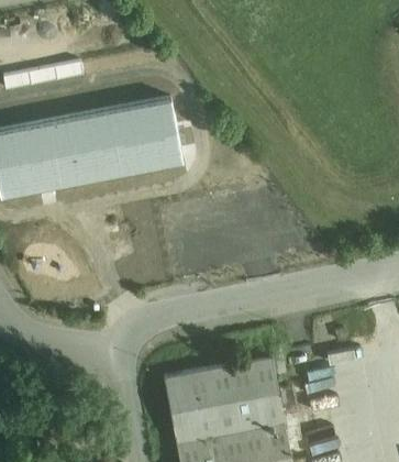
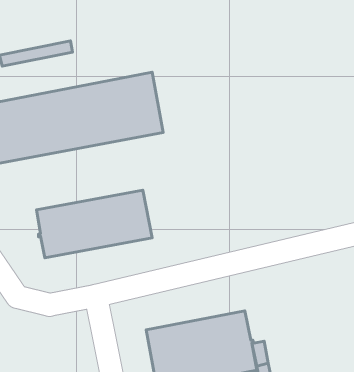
building: none -> [36,190,152,258]

